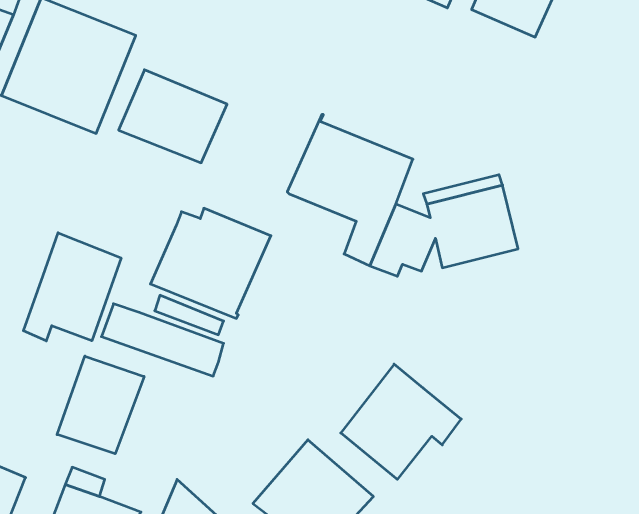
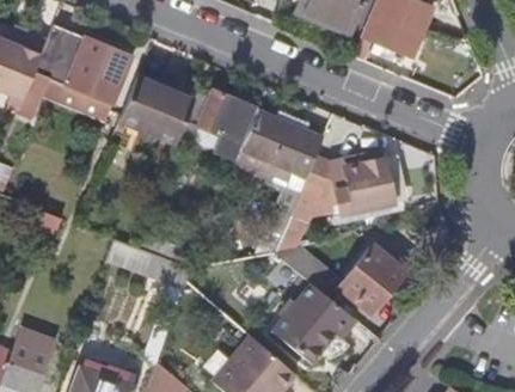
building: [150,208,271,318] -> [177,88,260,165]
building: [23,233,121,341] -> none
building: none -> [278,237,403,305]
building: [57,356,144,454] -> none

